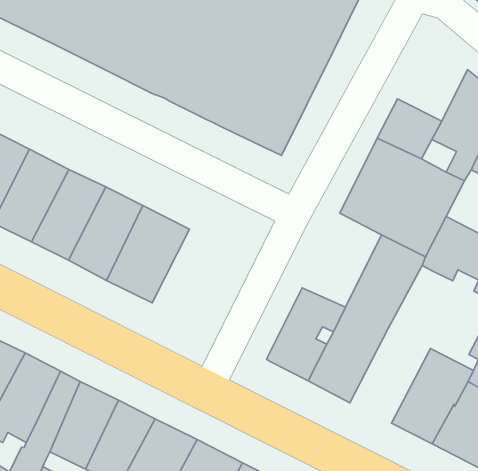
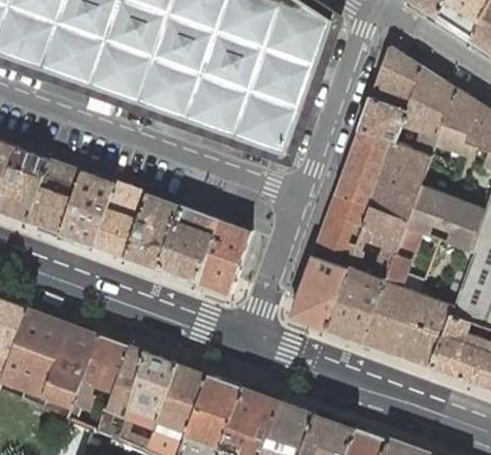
building: none -> [370,47,423,110]
building: none -> [313,193,370,267]
building: none -> [195,220,251,294]
building: none -> [361,227,420,355]

